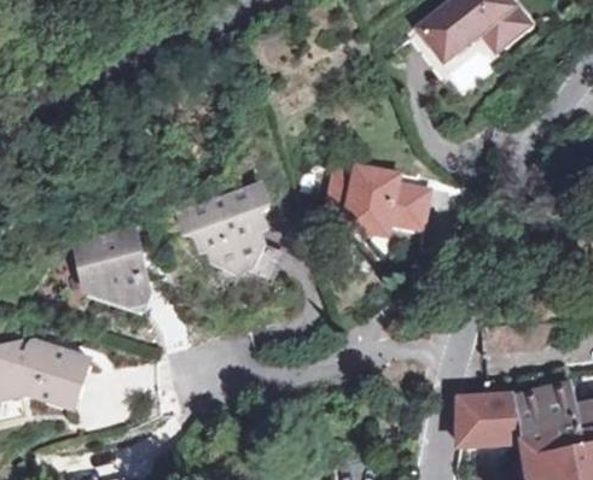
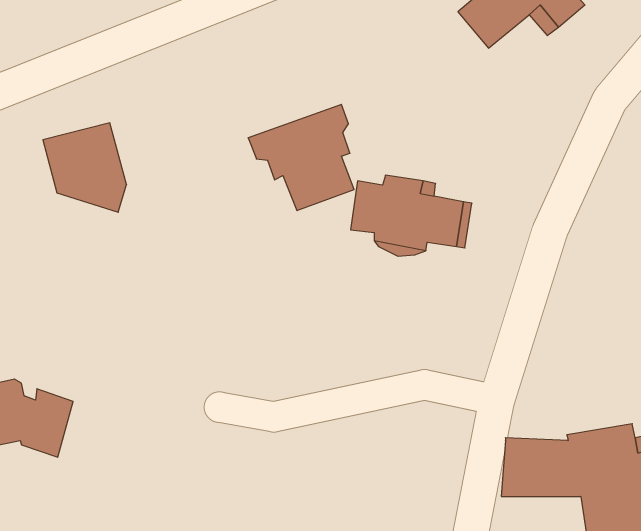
building: [179,187,271,279] -> [248,104,354,211]
building: [74,232,146,309] -> [43,123,127,212]

